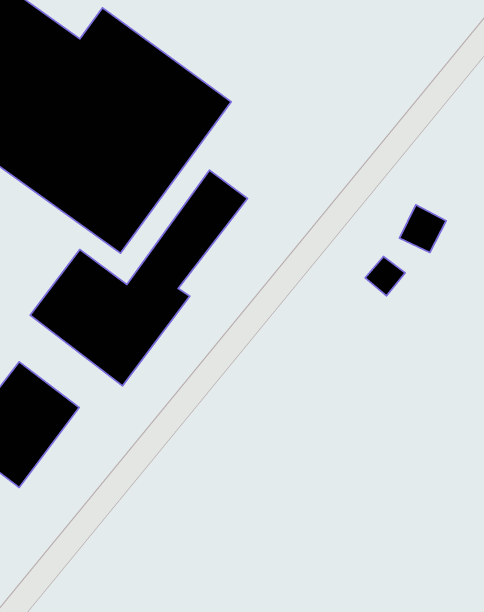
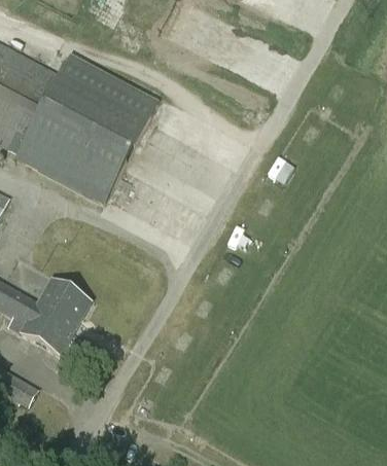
building: [30,170,247,386] -> none

